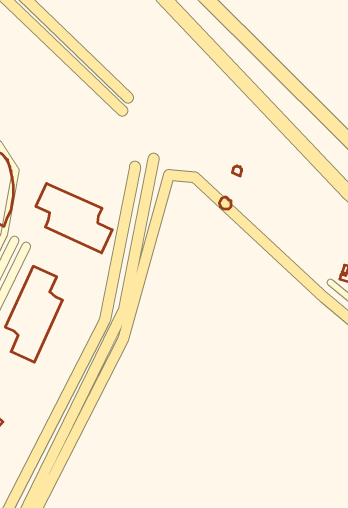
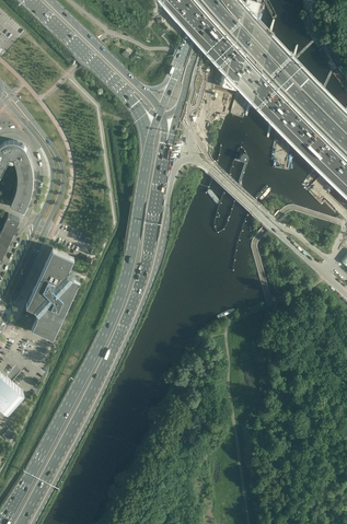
building: [36,183,112,253] -> none

